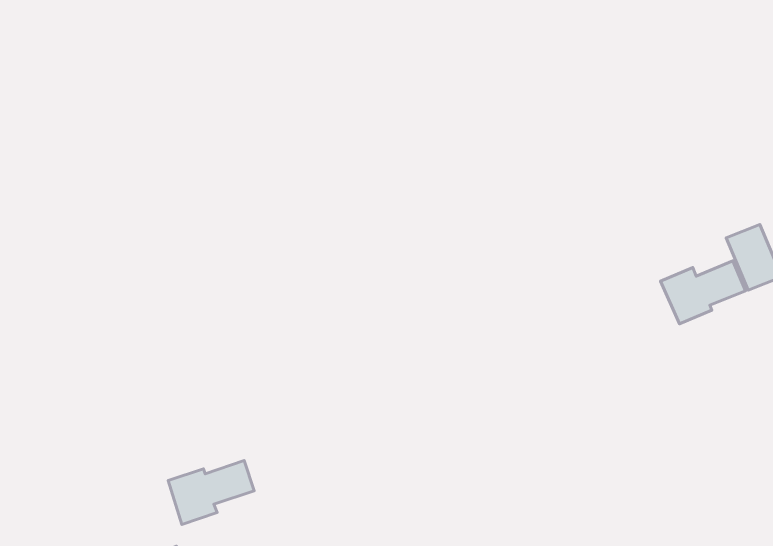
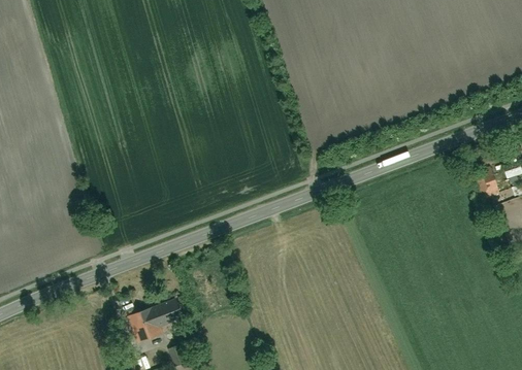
building: [661,261,745,324] -> none

